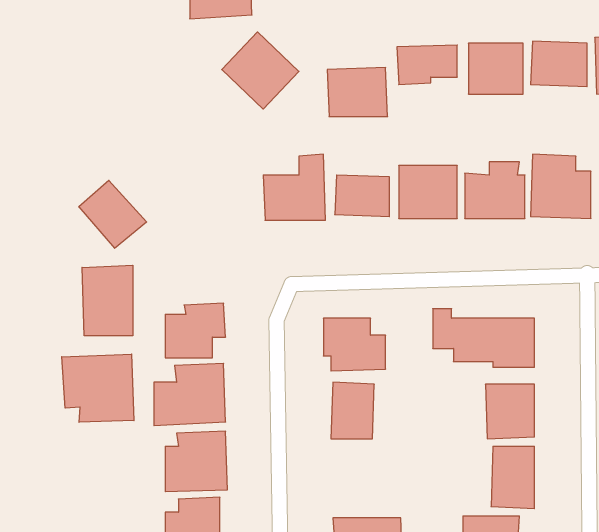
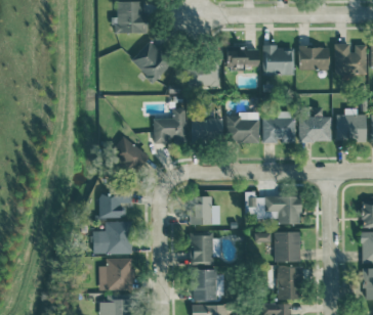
building: [79,180,147,248] -> [110,136,147,173]
building: [82,265,133,336] -> none
building: [62,354,134,422] -> none
building: none -> [193,269,216,300]

